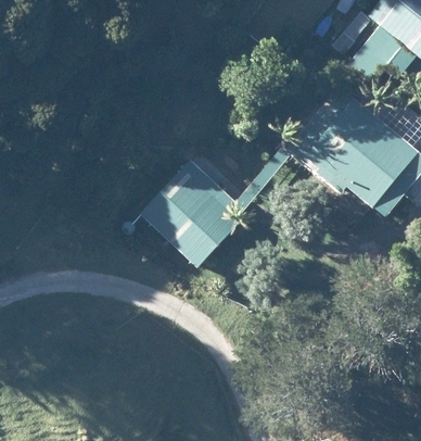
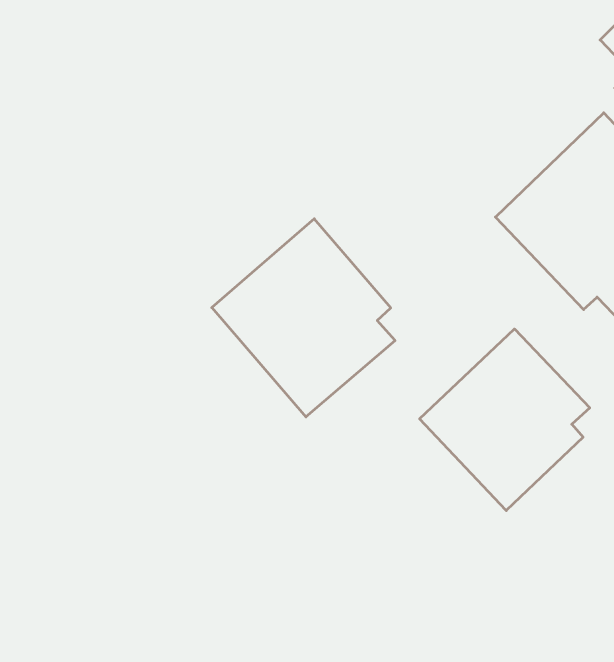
building: none -> [420,329,590,511]

